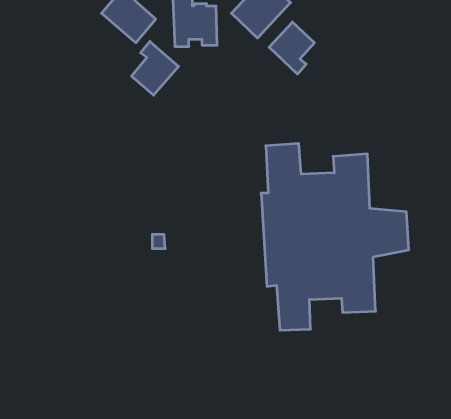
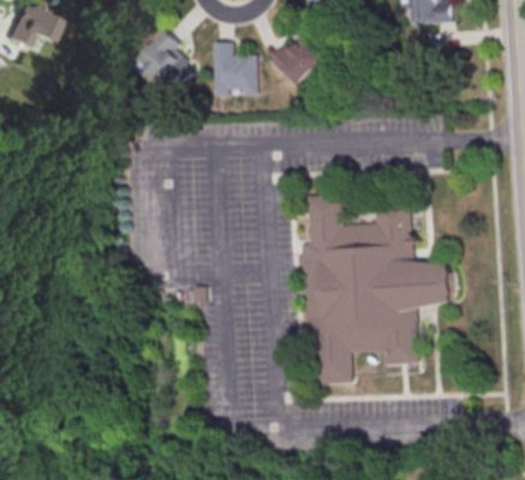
building: [269,22,314,74] -> none
building: [132,41,179,95] -> none

